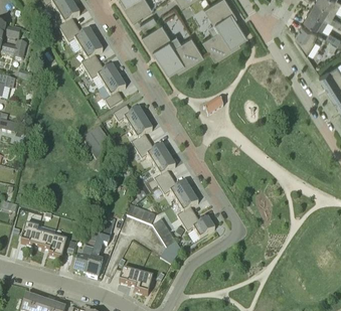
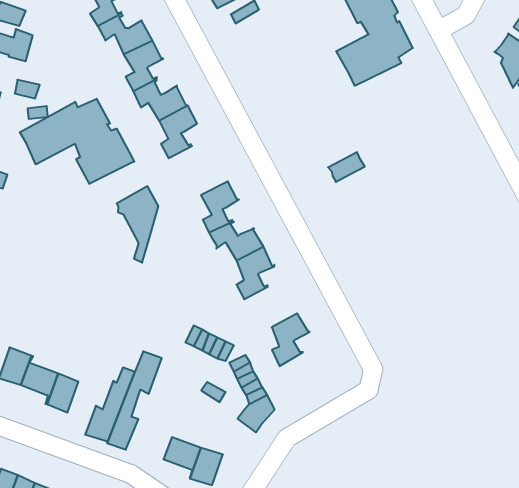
building: [141,23,203,73] -> none
building: none -> [20,99,134,184]
building: [113,106,145,129] -> none
building: [159,179,190,202] -> none
building: [182,215,214,240] -> none

